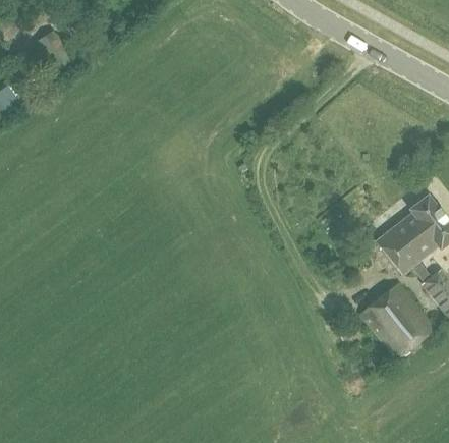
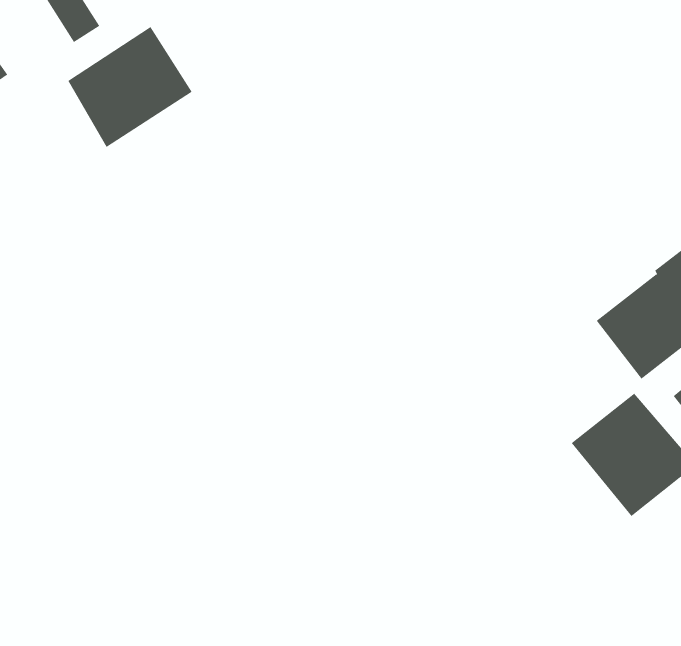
building: none -> [67,26,192,148]

